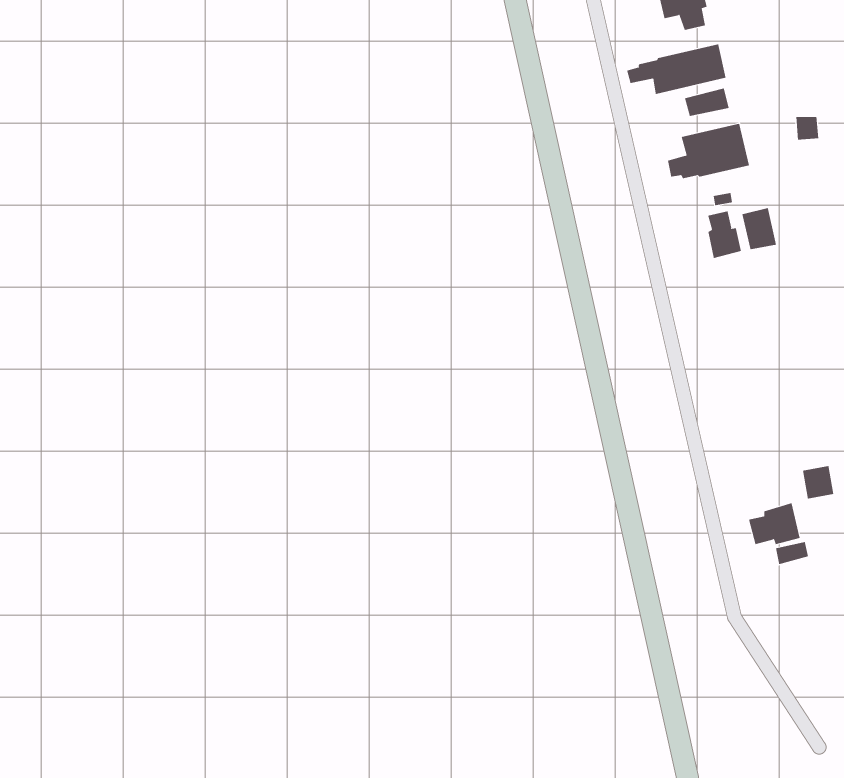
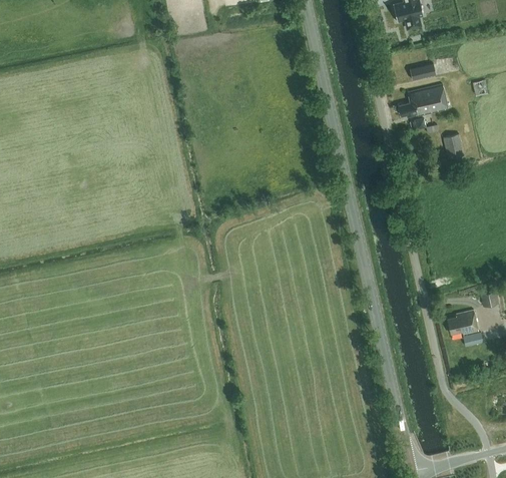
building: [626,43,726,95] -> none
building: [708,211,741,259] -> none

